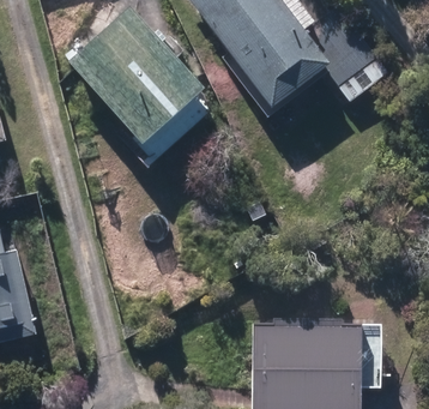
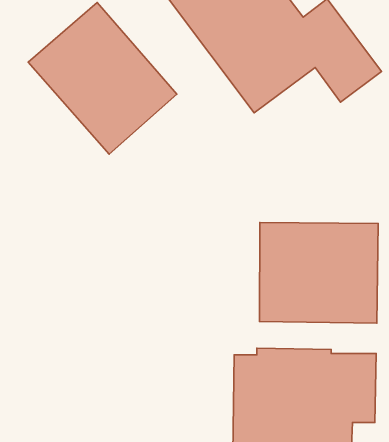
building: none -> [260,223,378,323]

